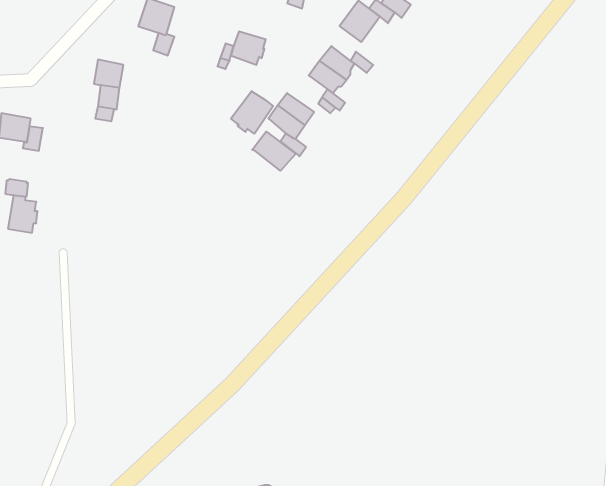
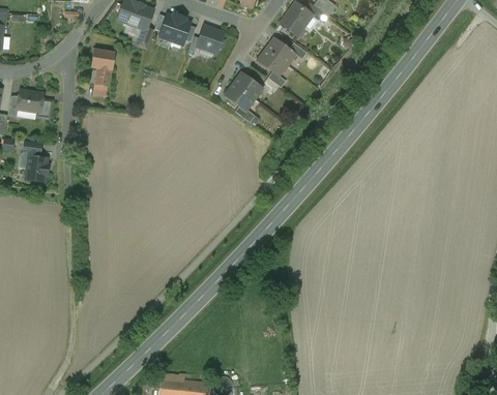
building: none -> [158,13,191,44]
building: [231,91,273,134] -> none
building: [252,132,296,171] -> none

